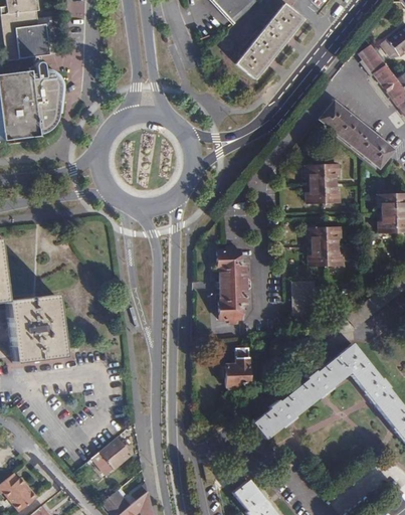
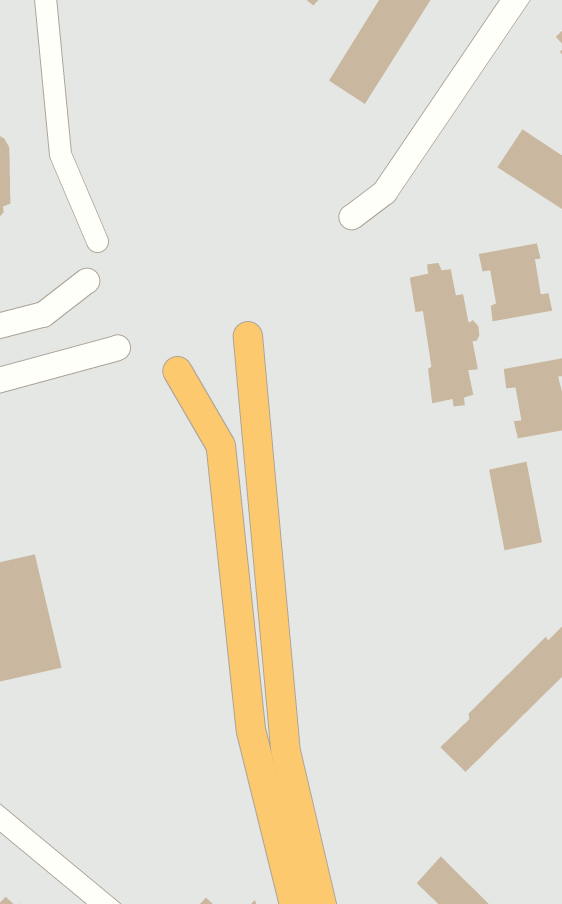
building: [217,244,251,322] -> [409,262,480,407]
building: [221,347,249,389] -> none
building: [90,439,129,475] -> none

